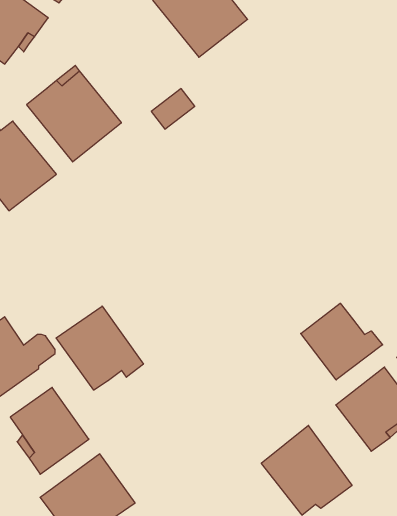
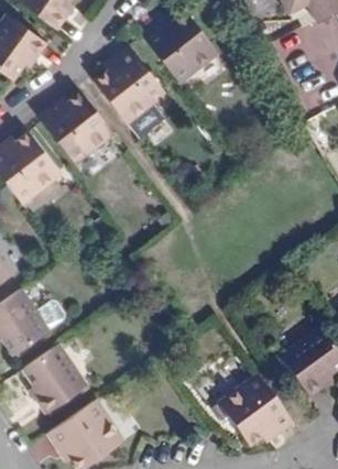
building: none -> [90,43,162,119]
building: [301,303,383,380] -> none
building: [56,306,143,390] -> none

